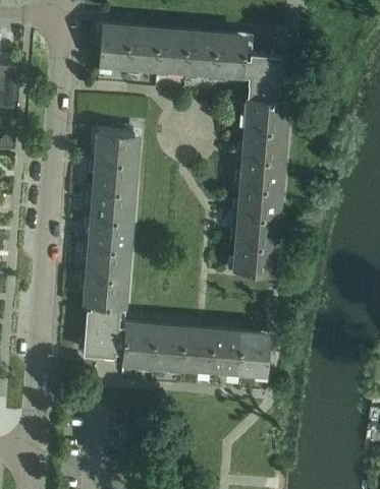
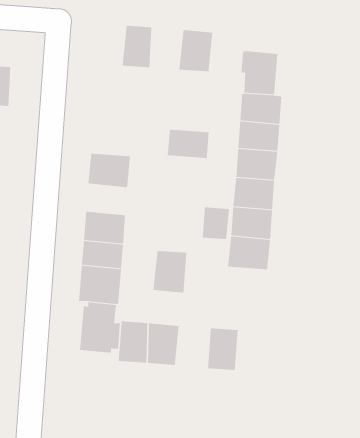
building: [99,25,130,68] -> none
building: [155,29,187,72] -> none
building: [214,35,254,77] -> none
building: [95,129,138,159] -> [167,129,210,159]
building: [90,186,132,218] -> none
building: none -> [202,207,230,240]
building: [180,328,215,371] -> [153,250,187,293]
building: [240,332,272,375] -> none

